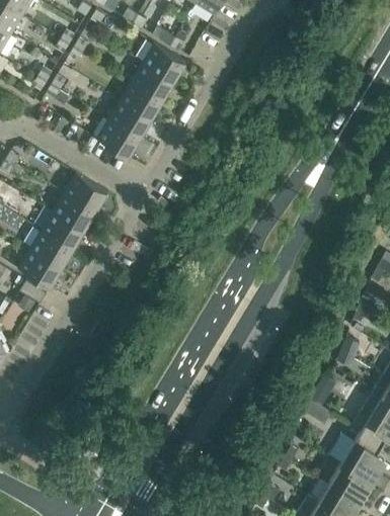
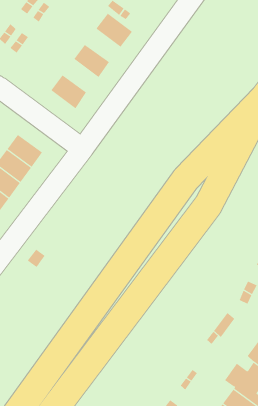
building: [132,63,174,100] -> none
building: [109,100,152,138] -> none
building: [64,173,107,211] -> none

